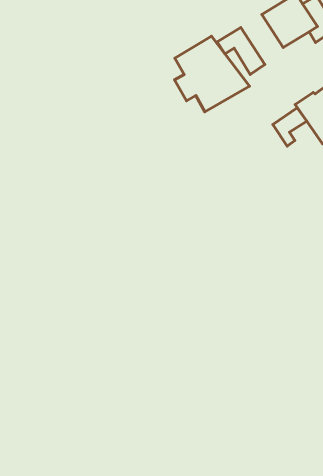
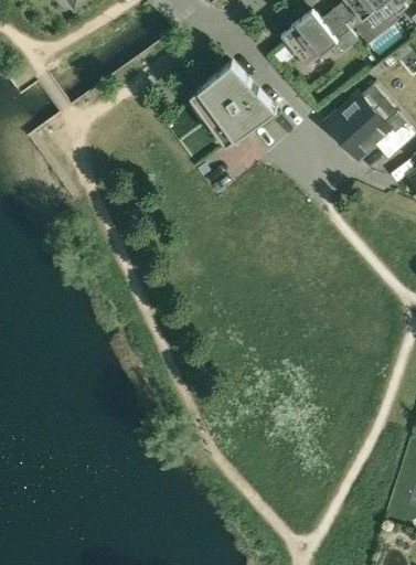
building: [217,28,265,75] -> none
building: [273,108,307,146] -> none

